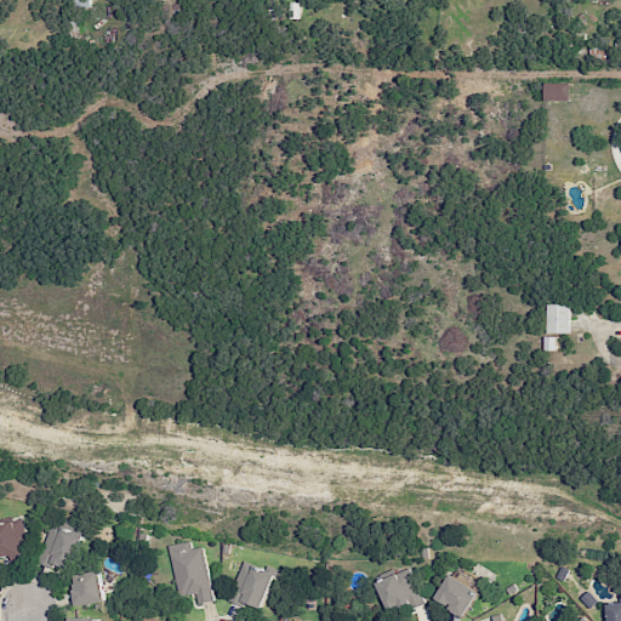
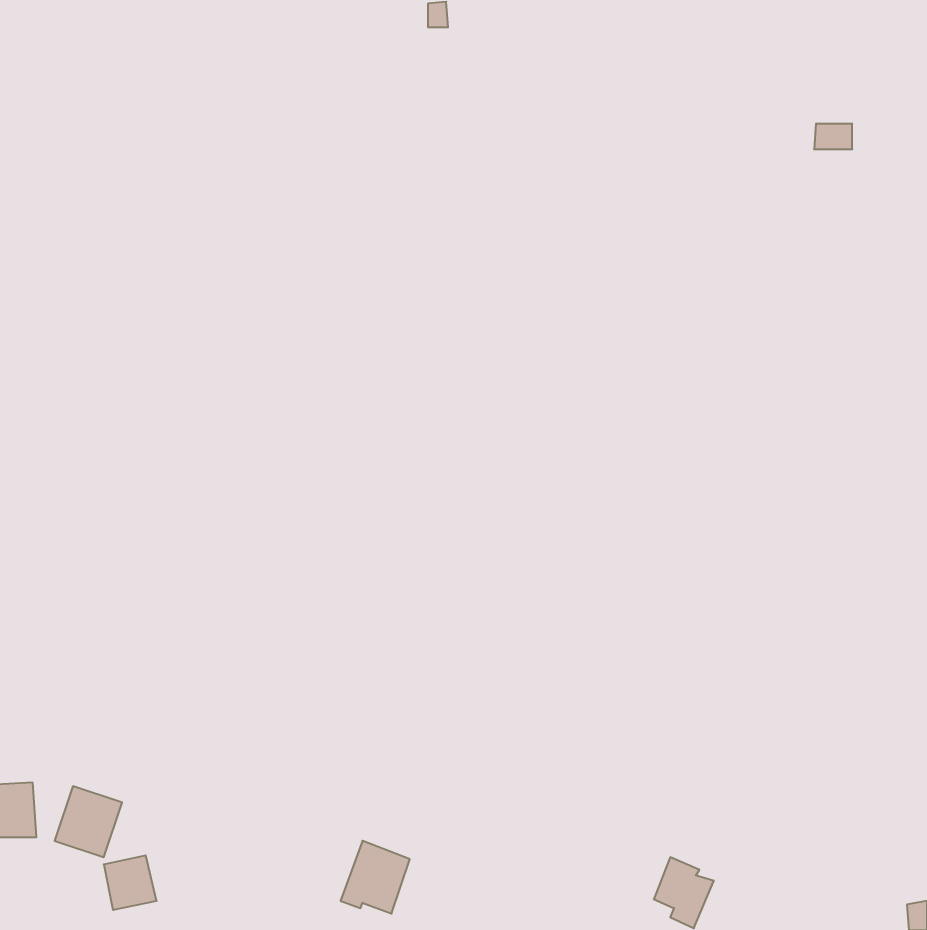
building: [545,303,568,334] -> none
building: [167,541,211,604] -> none
building: [374,568,422,611] -> none

